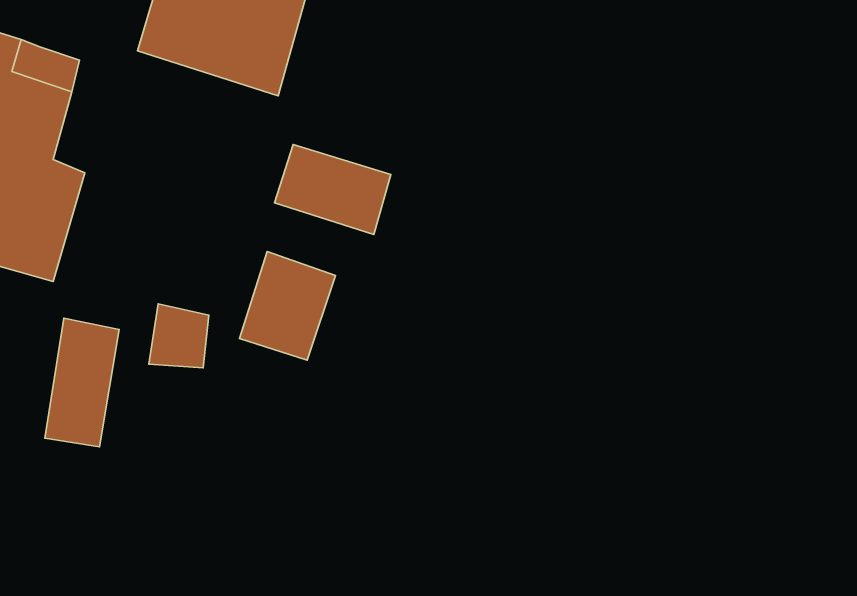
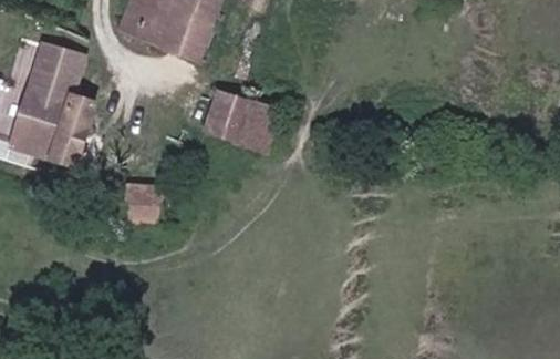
building: [239,252,336,360] -> none
building: [45,318,119,447] -> none

